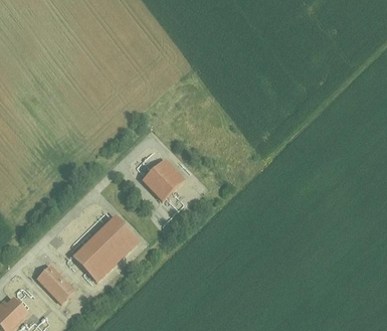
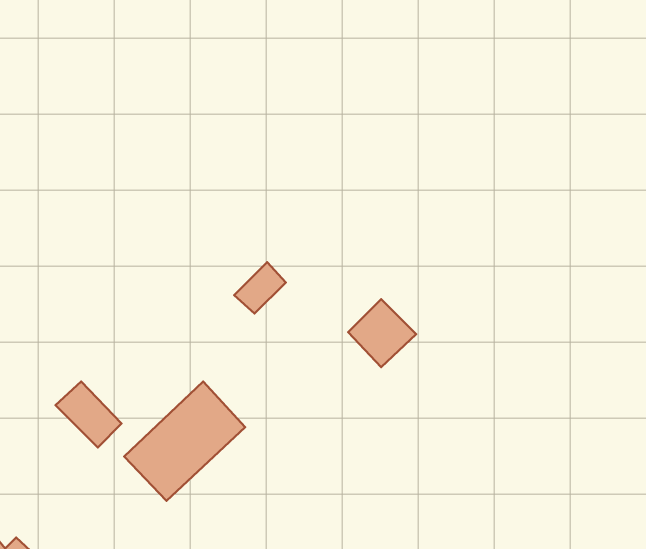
building: [146,162,183,199] -> [348,299,416,367]
building: [37,266,73,302] -> [56,381,122,447]

